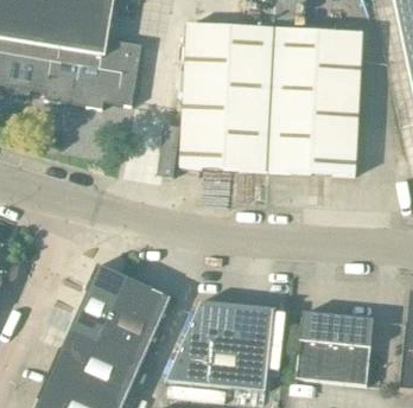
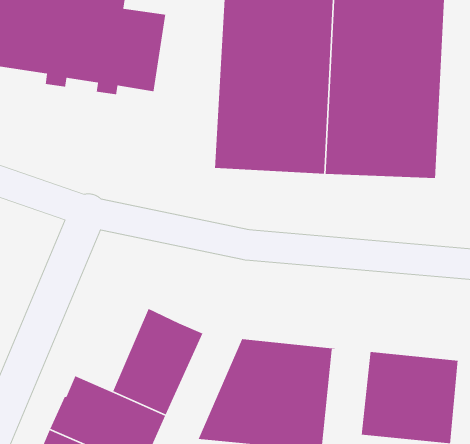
building: [69,263,127,343] -> none

